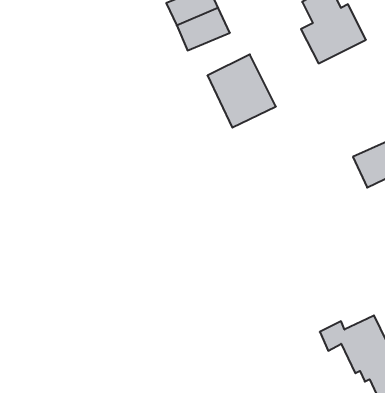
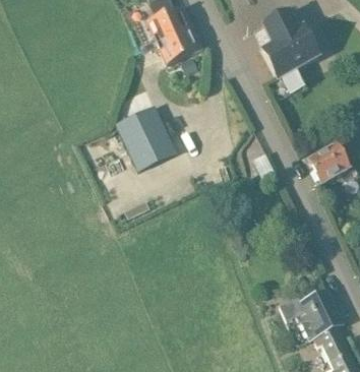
building: [207,54,276,128] -> [116,108,175,171]

